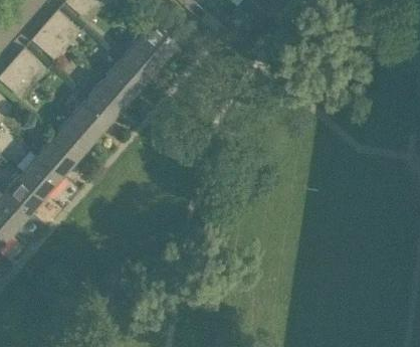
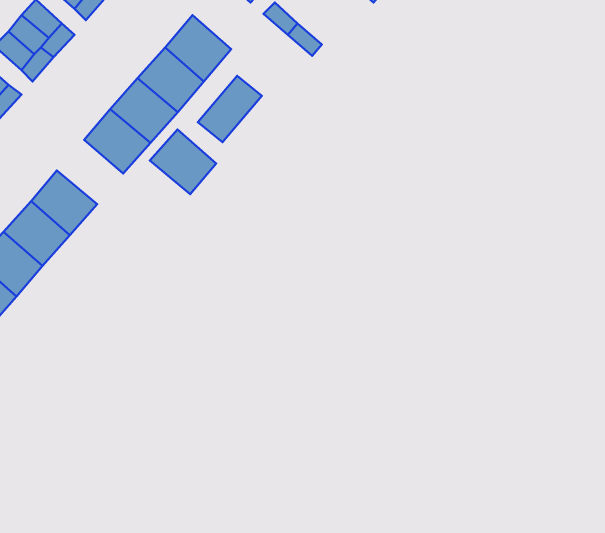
building: none -> [198,76,262,142]
building: [70,99,112,139] -> [150,130,216,194]

